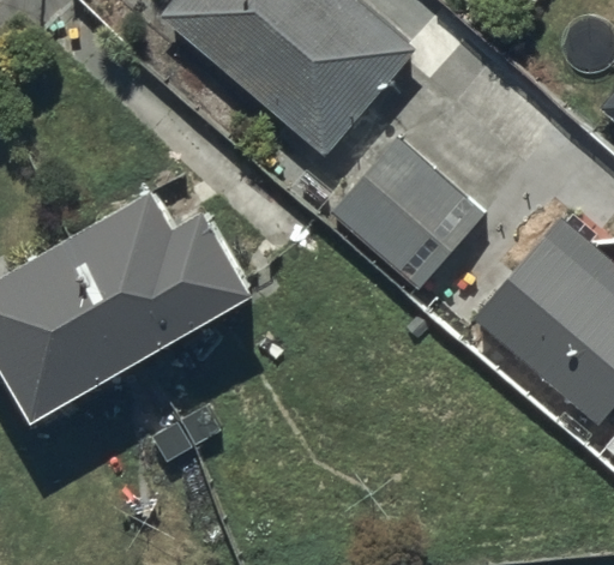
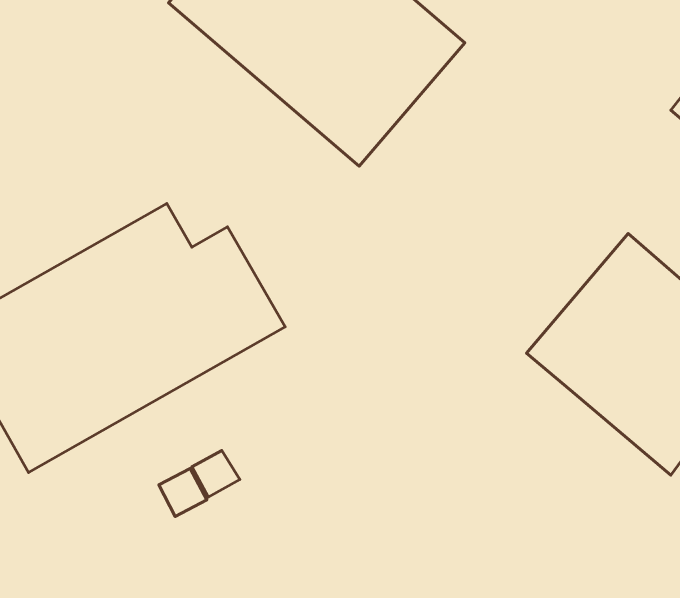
building: [330,134,484,289] -> none

